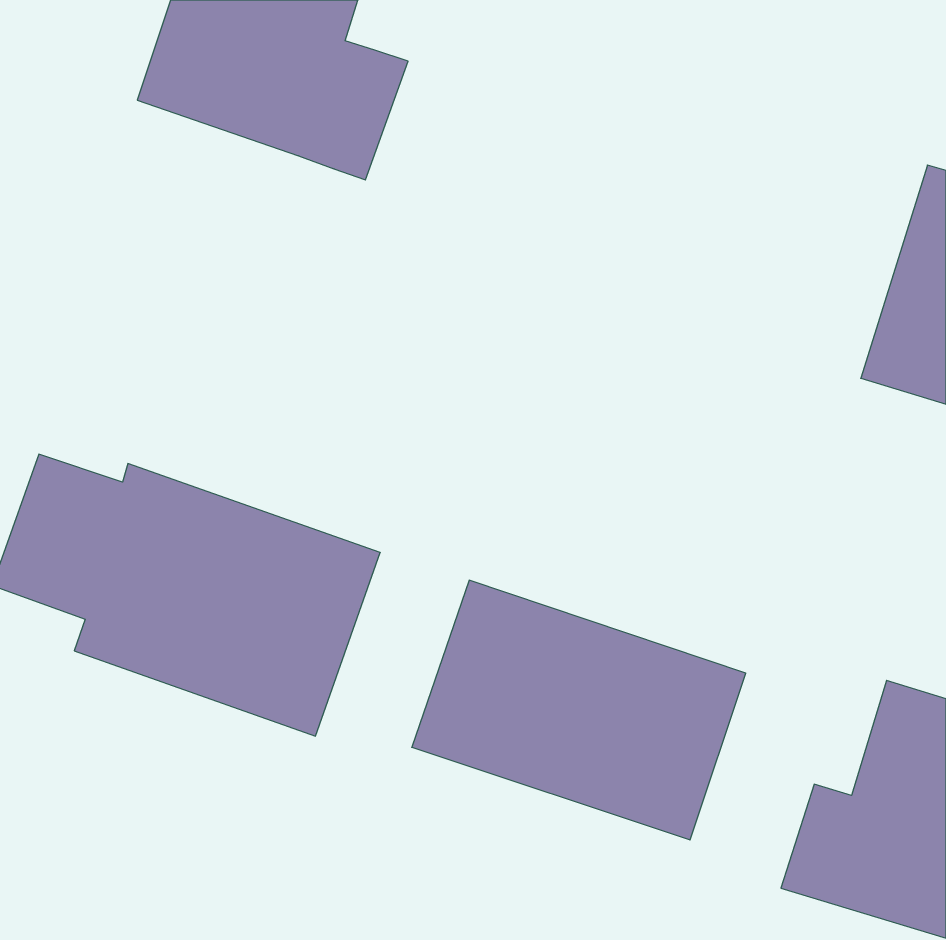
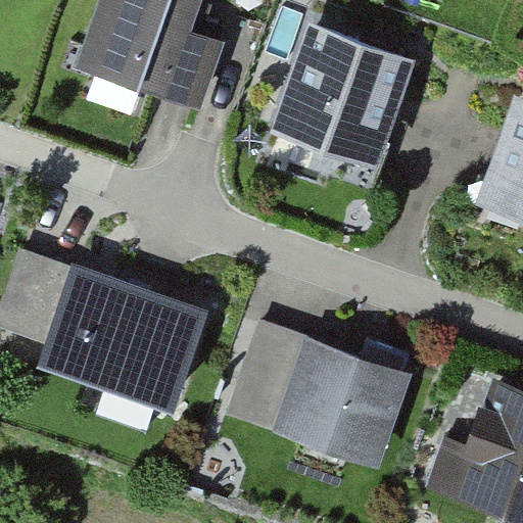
building: none -> [270,25,418,173]

